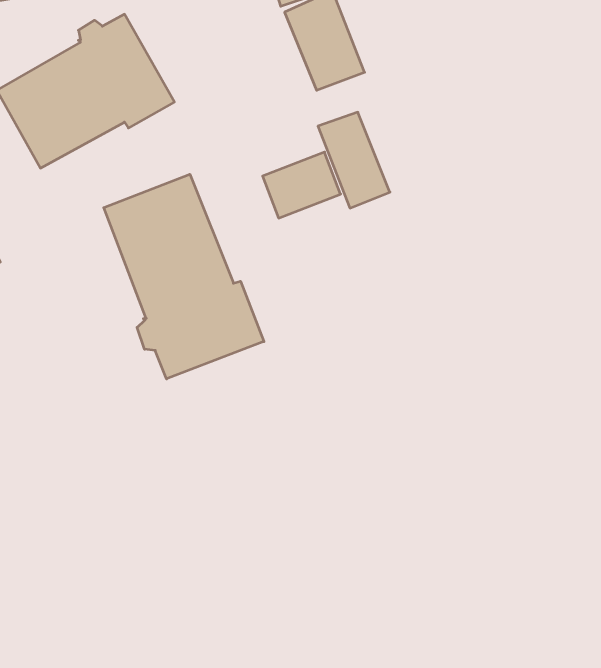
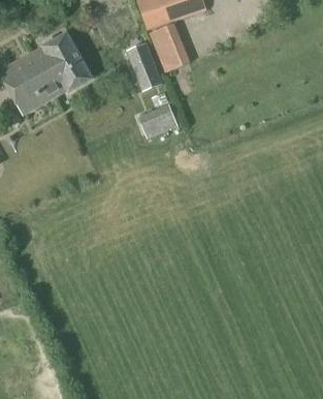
building: [318,112,390,208] -> [125,42,162,92]
building: [104,174,264,379] -> none

